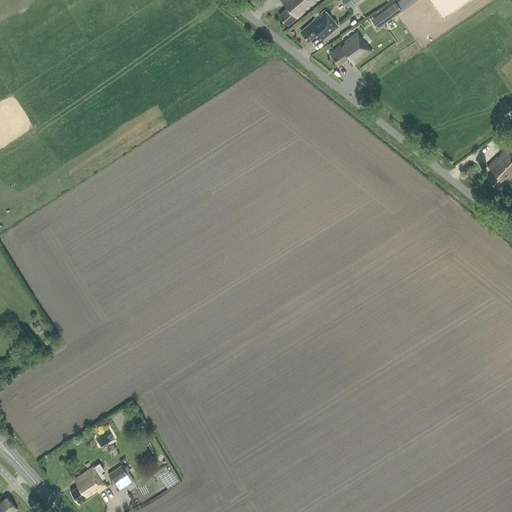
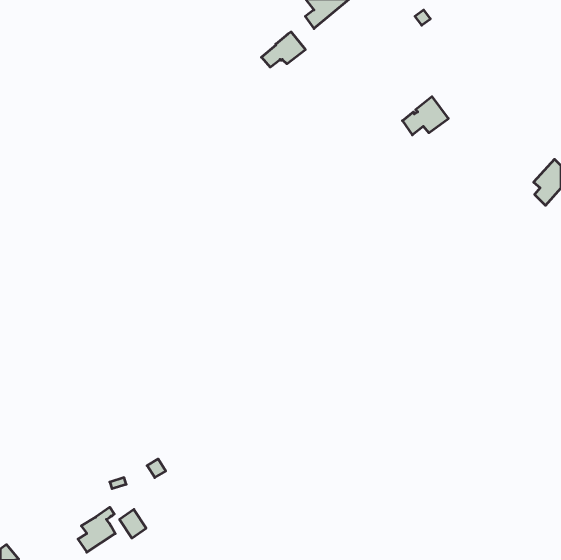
building: [299,9,339,41] -> [261,32,305,67]
building: [328,31,370,66] -> [402,97,448,135]

